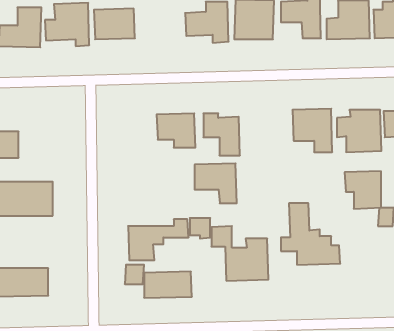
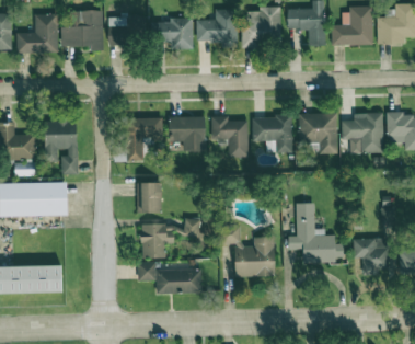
building: none -> [151,19,193,49]
building: none -> [125,117,162,161]
building: none -> [43,119,78,174]
building: [195,163,237,203] -> [252,115,292,153]
building: [345,171,381,209] -> [353,238,388,274]
building: none -> [136,182,161,213]

